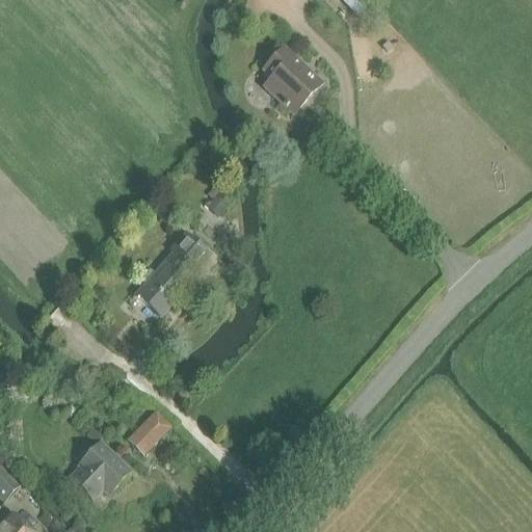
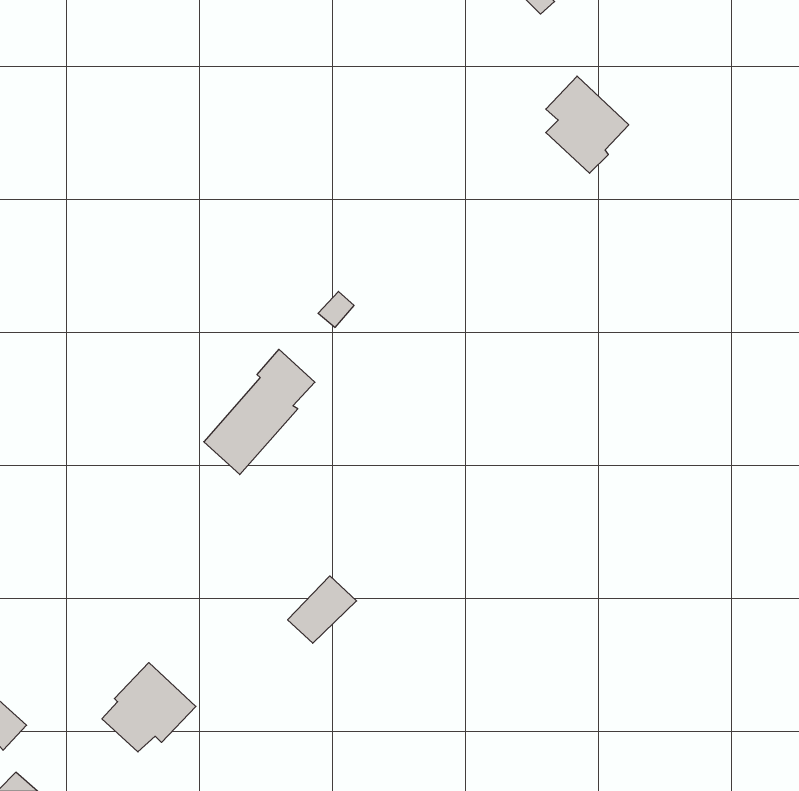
building: [262,47,317,111] -> [546,76,629,173]
building: [127,408,172,453] -> [288,576,357,643]

